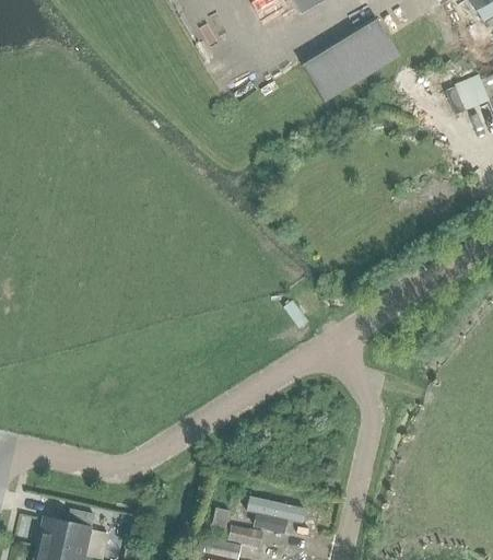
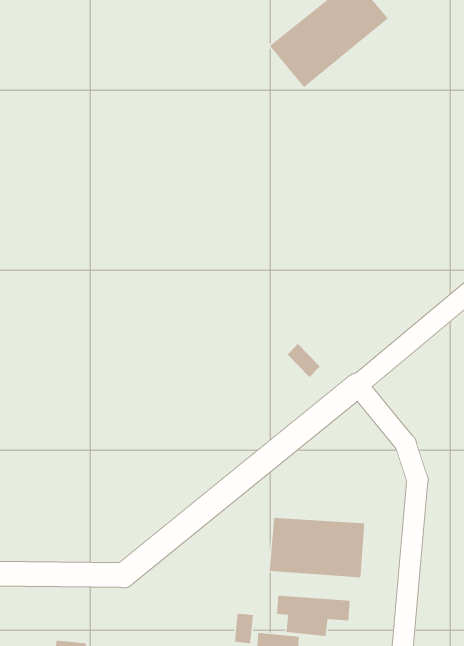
building: none -> [269,517,365,578]

